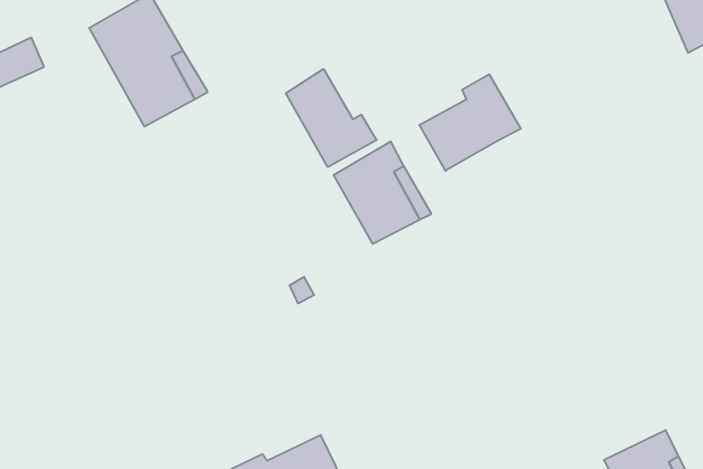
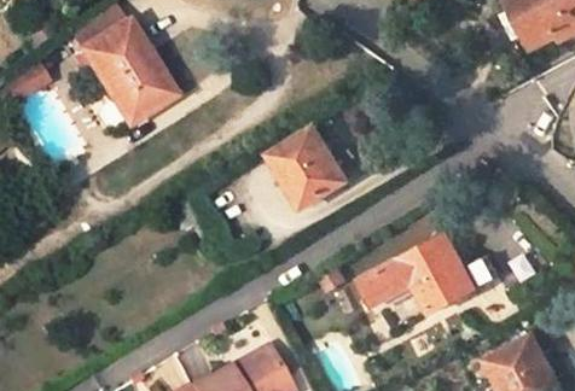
building: [286,69,377,167] -> none
building: [419,74,521,171] -> none
building: none -> [361,233,472,311]

